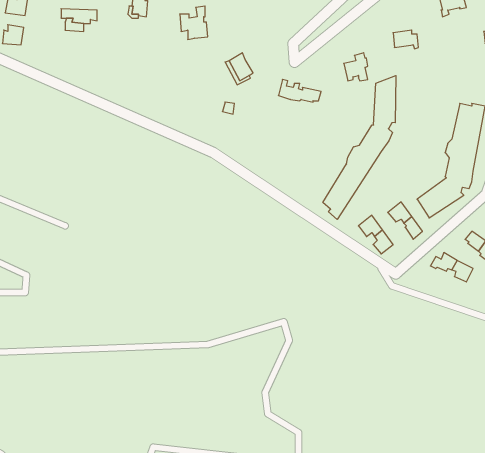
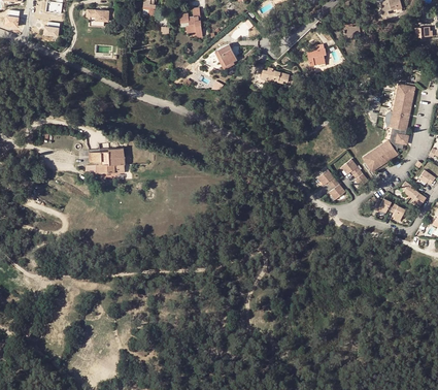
building: [323,76,396,219] -> none
building: none -> [85,148,124,172]

